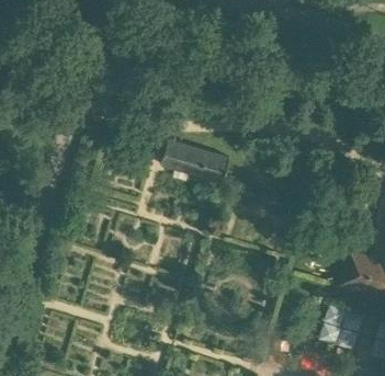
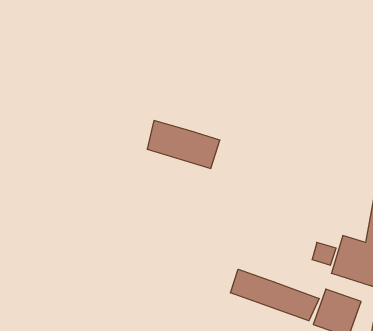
building: none -> [230,269,319,321]

